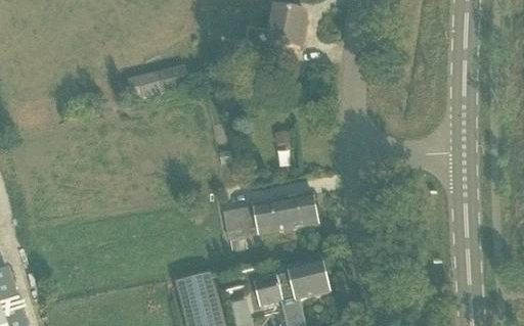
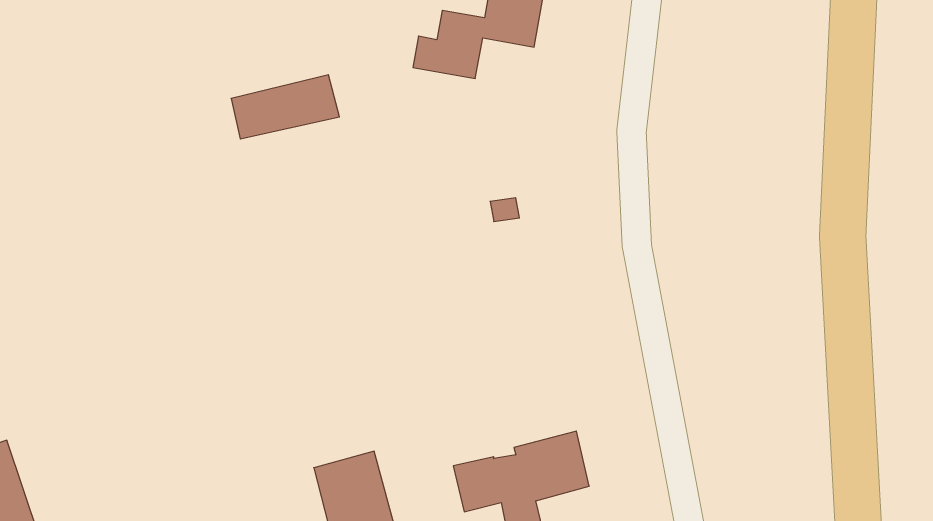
building: [224,193,318,240] -> none

